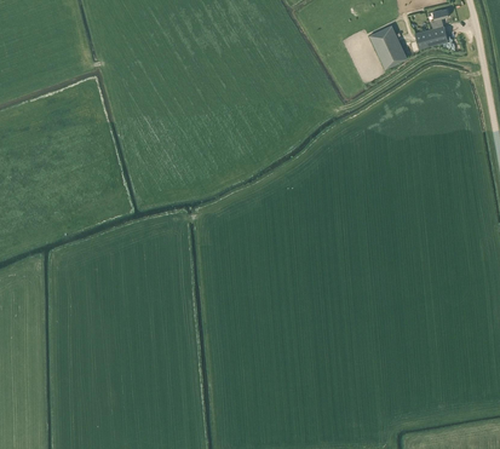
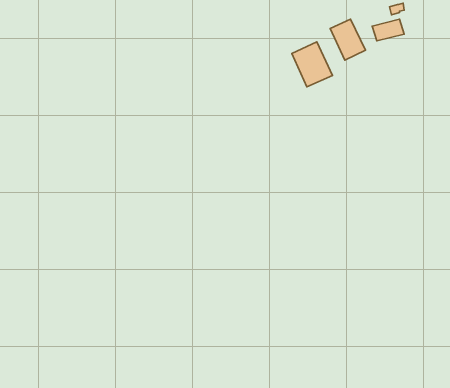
building: none -> [292,42,333,87]

